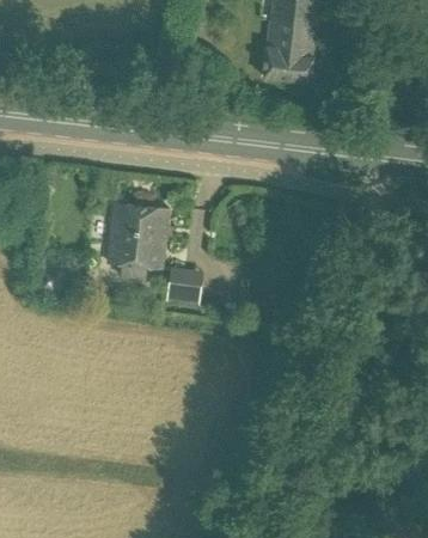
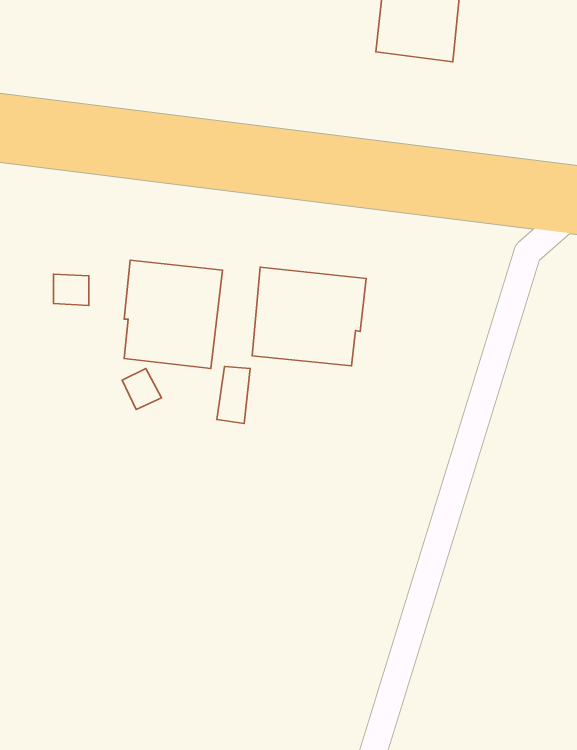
building: none -> [252,267,366,366]

